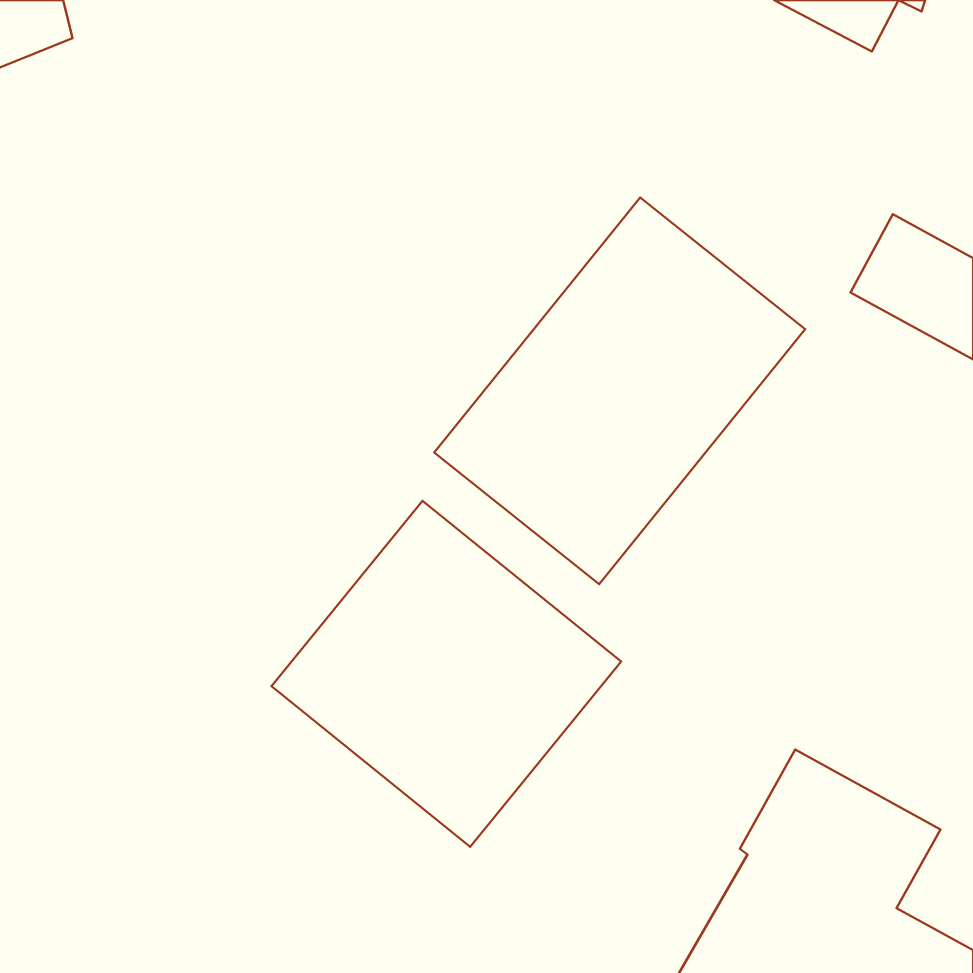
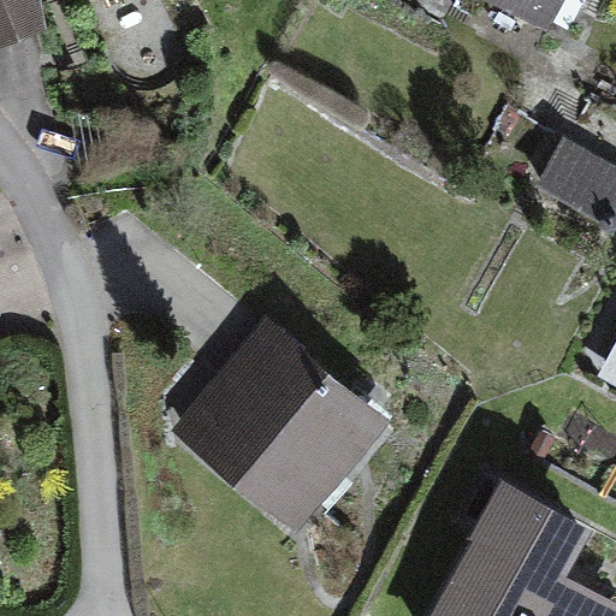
building: [434,197,805,584] -> none

